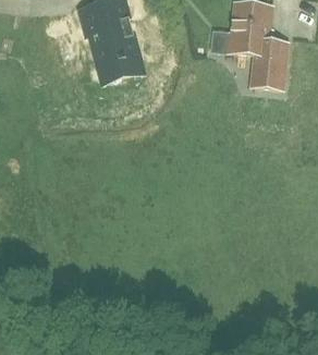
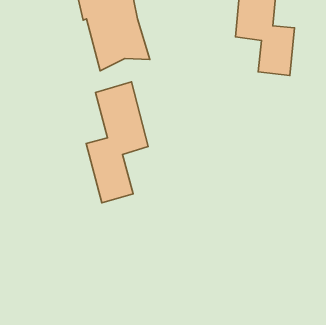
building: none -> [86,82,148,203]

